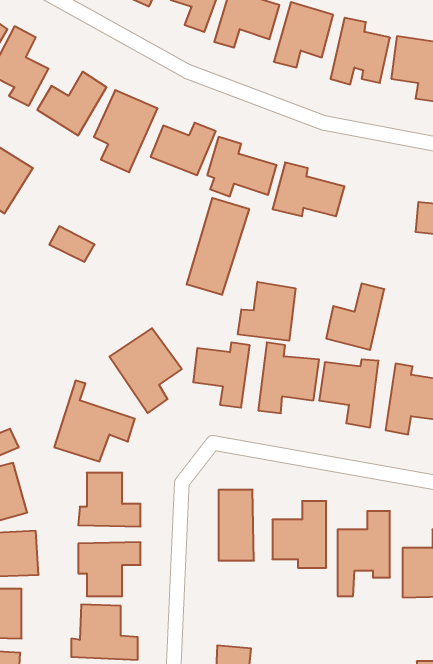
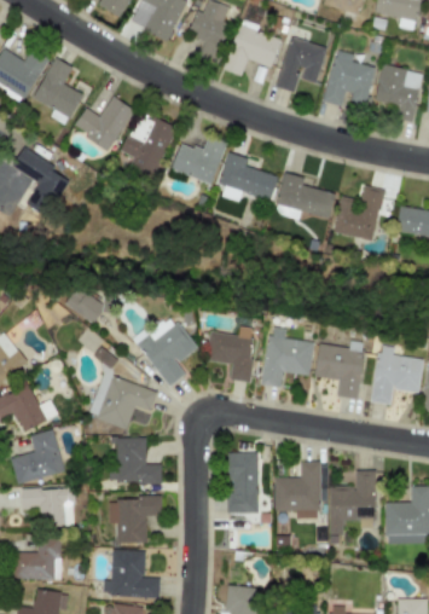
building: [187,198,249,295] -> none
building: [49,226,95,262] -> [65,291,104,322]
building: [238,282,295,341] -> none
building: [326,283,384,350] -> [335,185,384,242]

